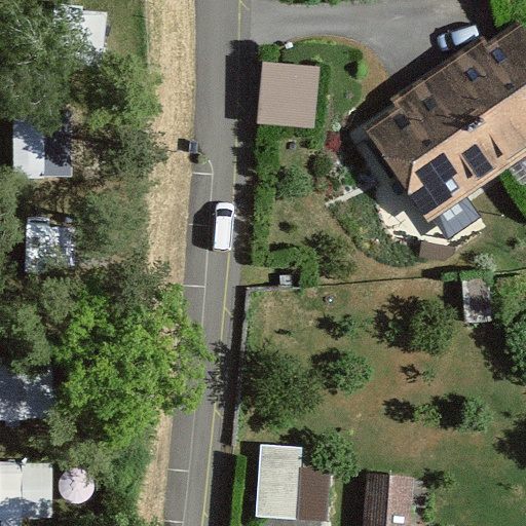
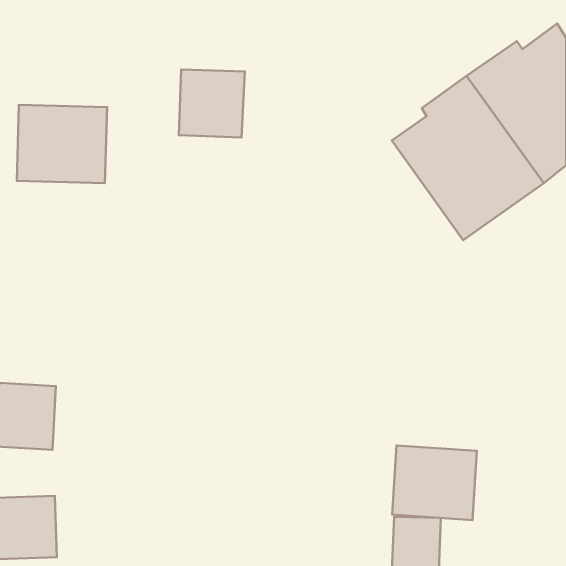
building: [261,63,322,125] -> [179,69,245,137]
building: [255,450,333,519] -> [392,445,477,520]

